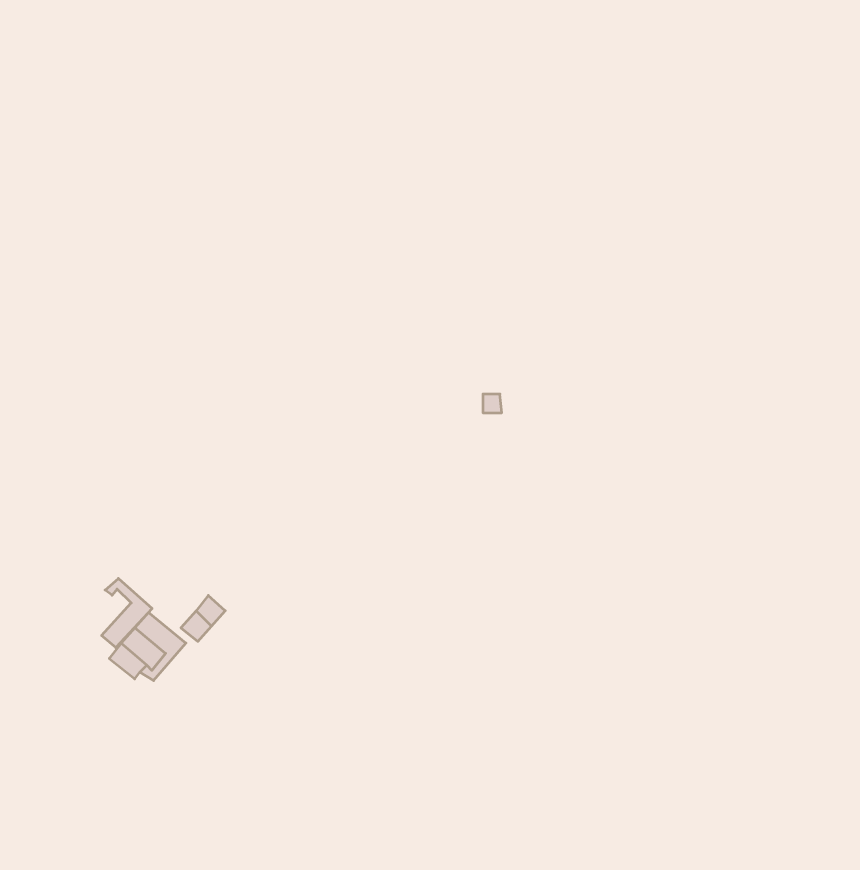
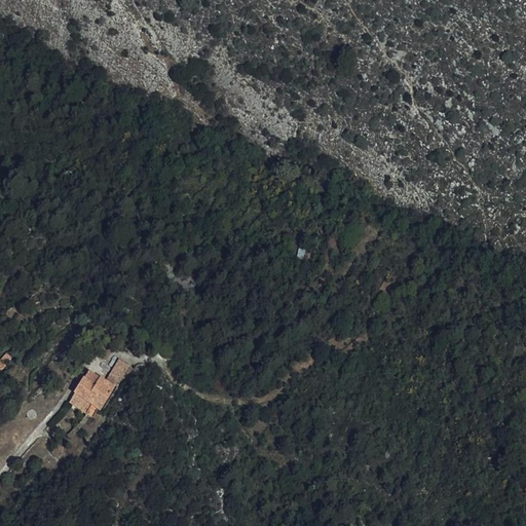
building: [102,578,152,648] -> none

